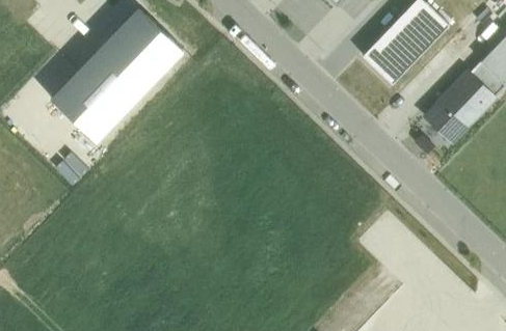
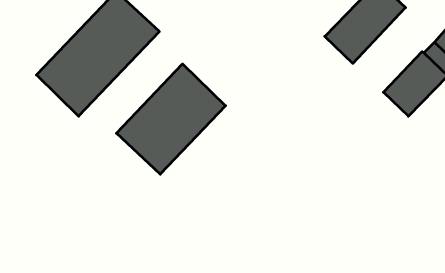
building: none -> [116,64,226,174]

